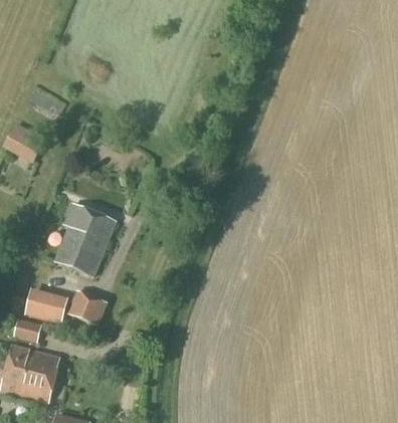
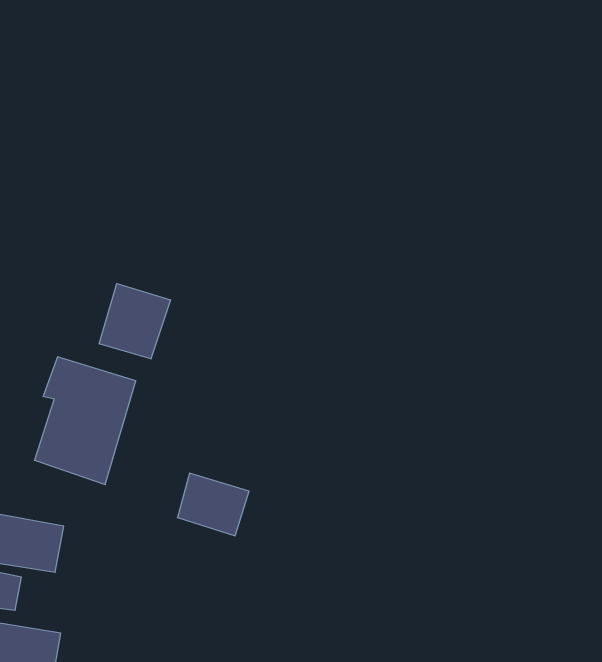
building: none -> [99,284,170,359]
building: [66,288,108,326] -> [177,473,249,536]

